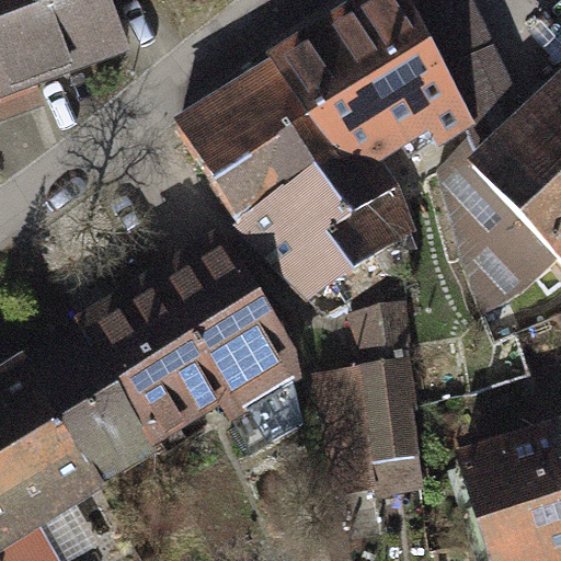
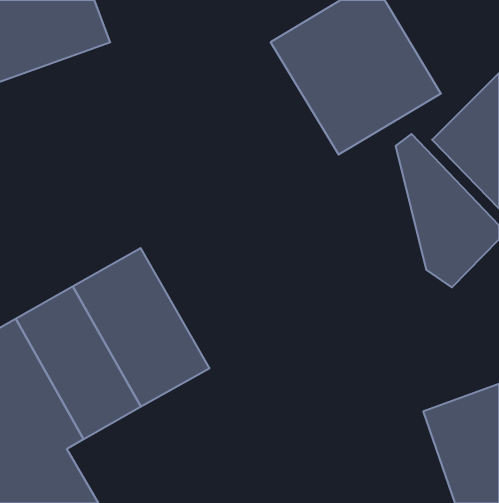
building: [186,59,378,309] -> none
building: [157,236,304,444] -> none
building: [312,302,424,501] -> none

